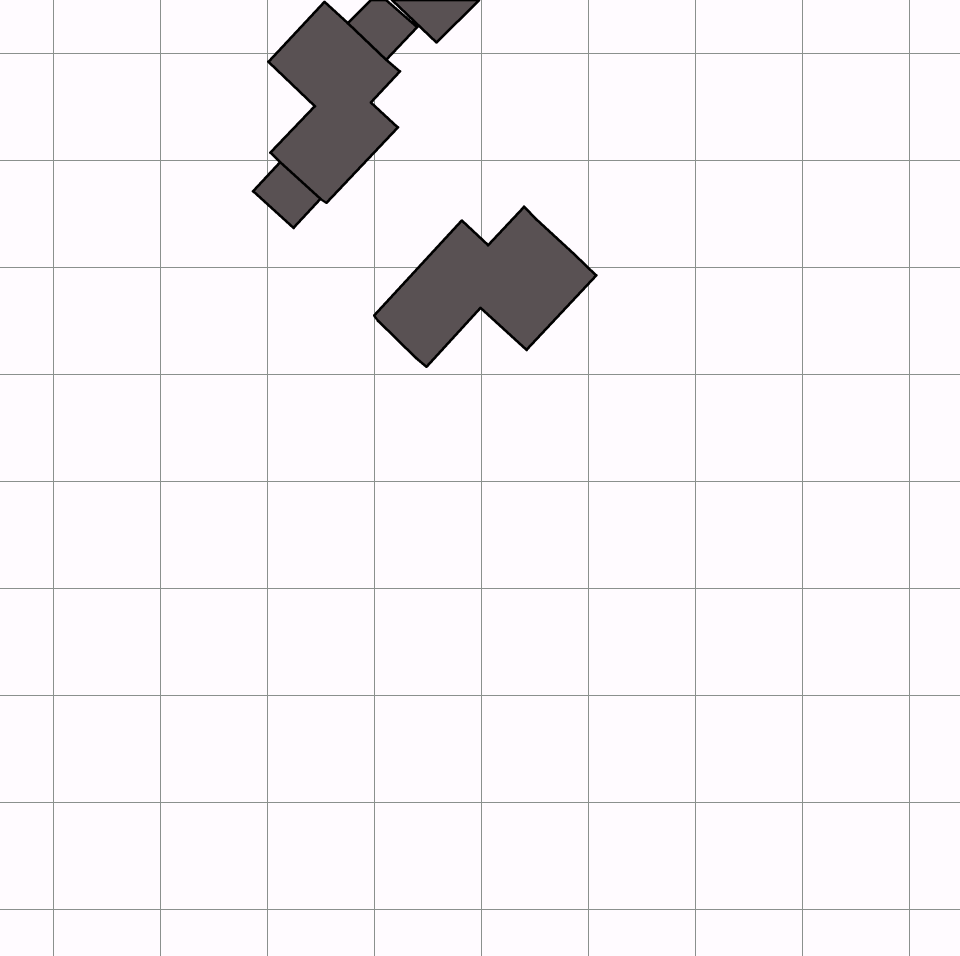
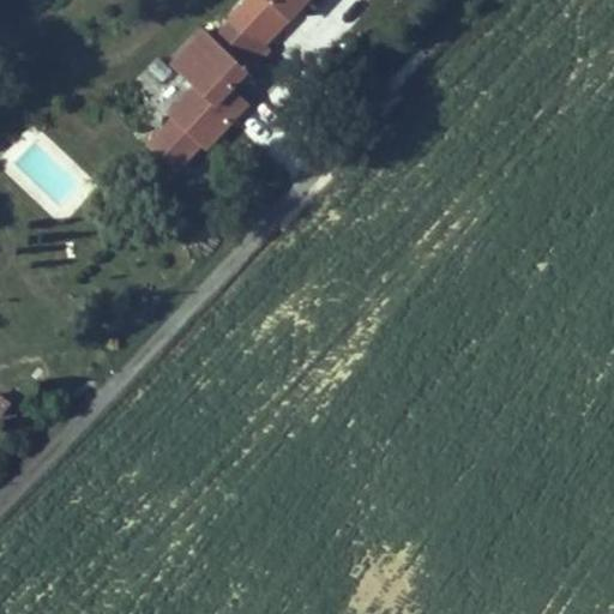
building: [374,207,596,367] -> none

